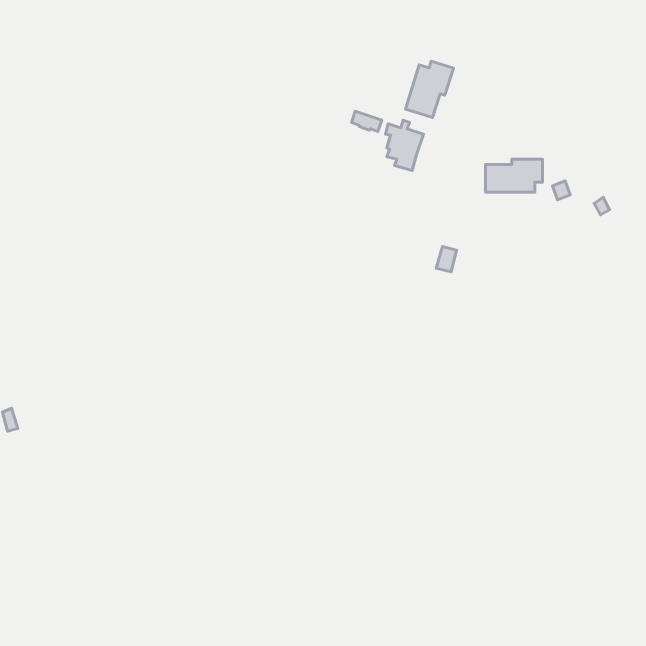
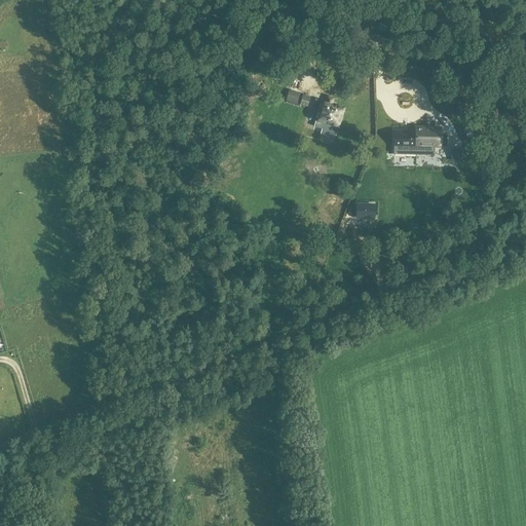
building: [405,61,453,117] -> none

